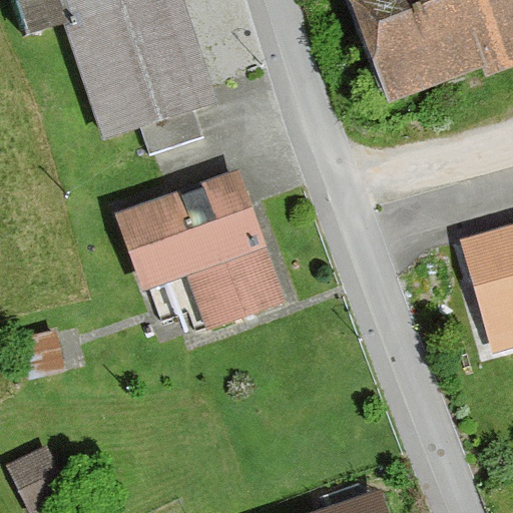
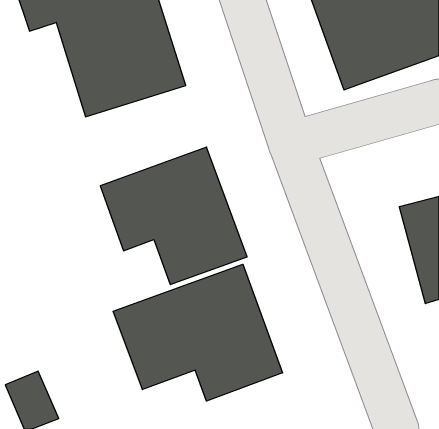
building: none -> [113,264,283,401]

